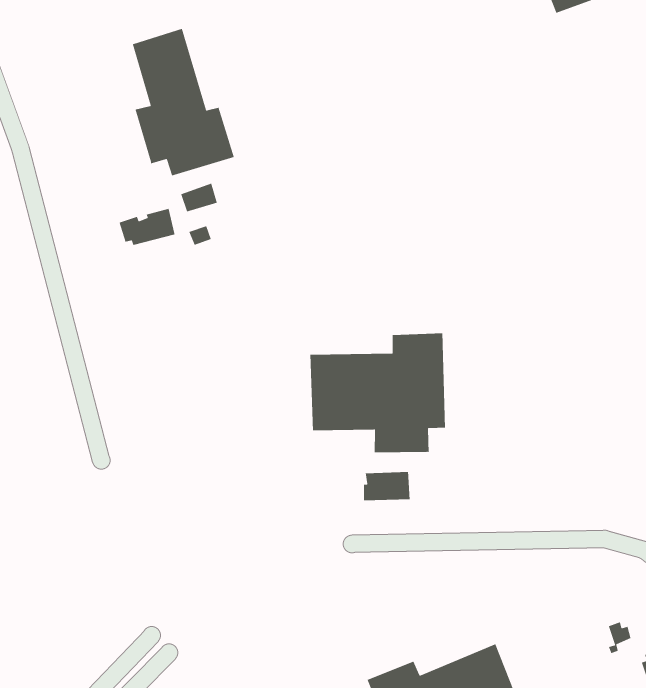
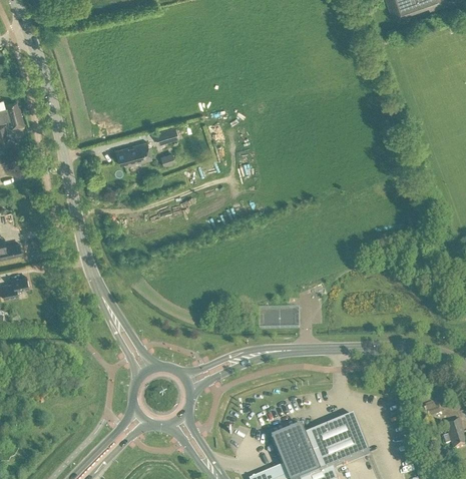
building: [132,28,235,177] -> none
building: [309,333,446,453] -> none

